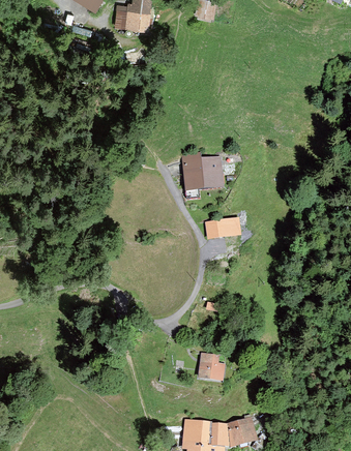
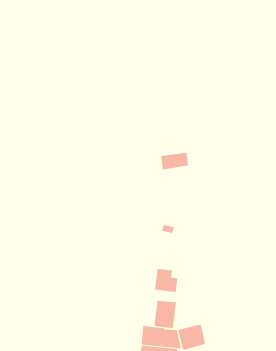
building: [181,153,226,191] -> none
building: none -> [154,300,177,329]

